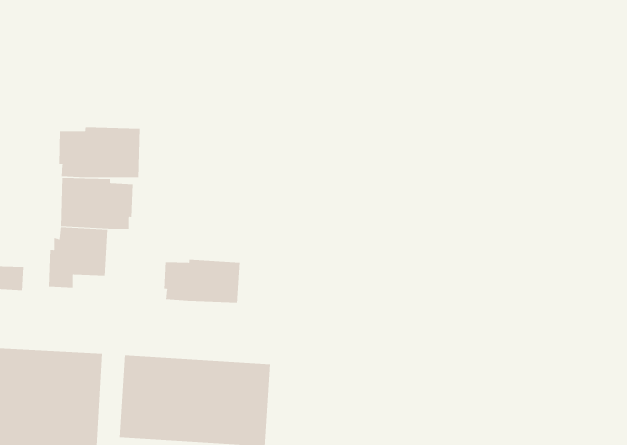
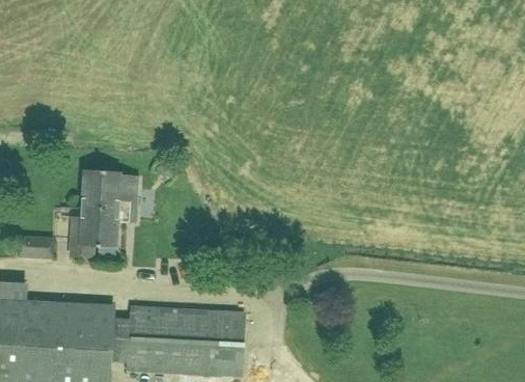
building: [59,127,140,178] -> none
building: [164,259,240,304] -> none

